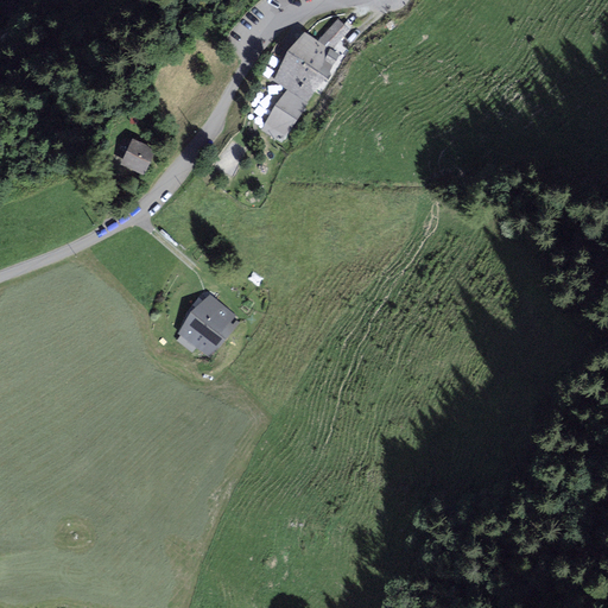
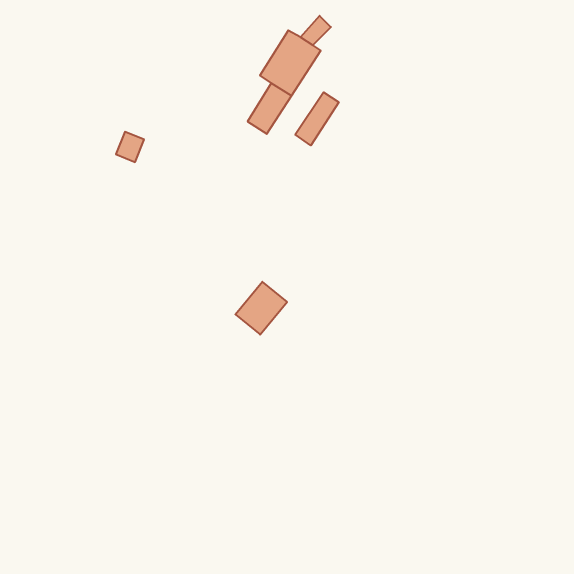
building: none -> [295,92,339,145]
building: [180,298,235,354] -> [235,282,287,335]

